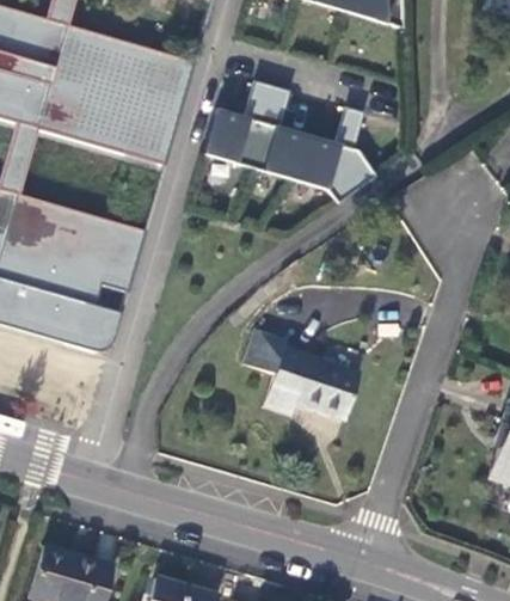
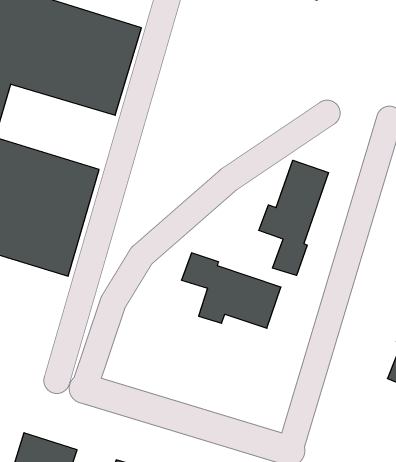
building: [198,79,373,204] -> none
building: none -> [259,160,329,275]

